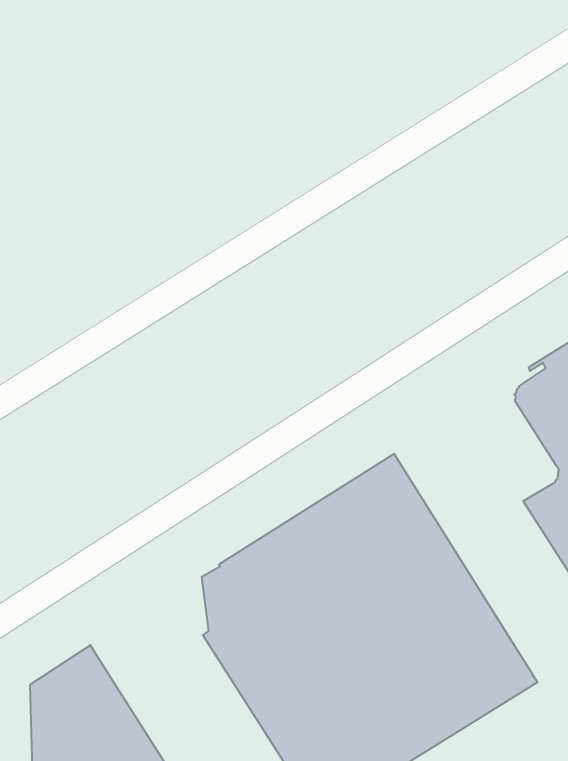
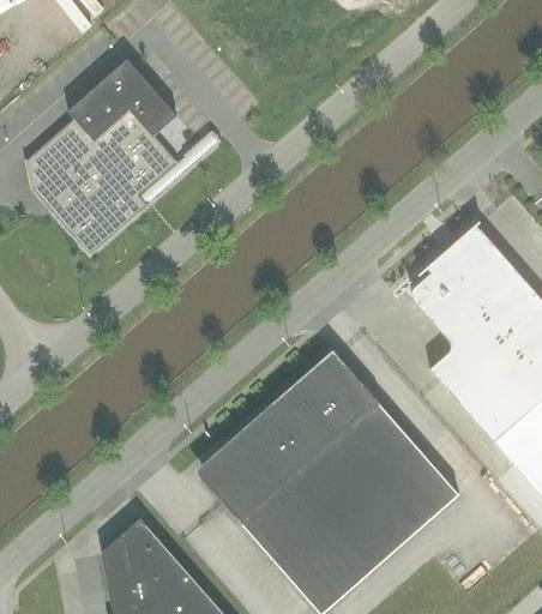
building: none -> [25,60,177,257]

